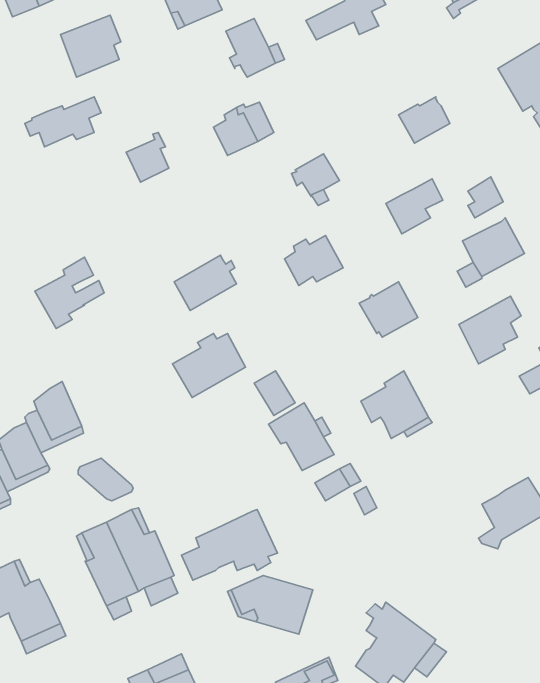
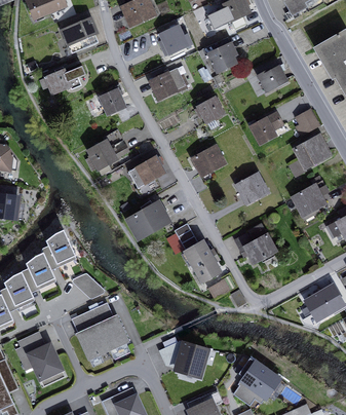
building: none -> [201,39,234,71]
building: [35,257,104,328] -> [87,130,127,172]
building: [181,510,277,580] -> none

